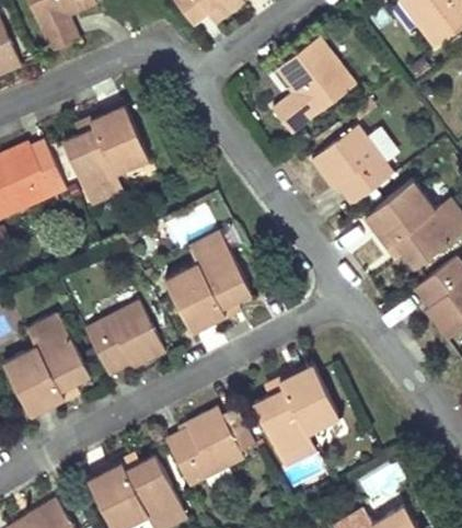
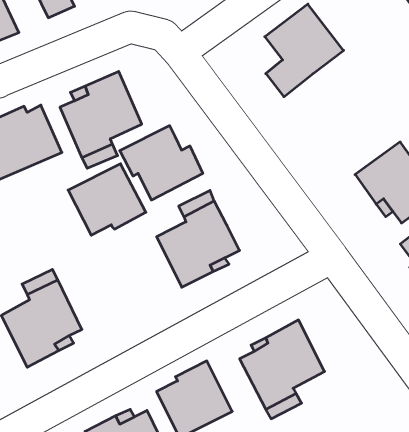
building: [313,124,396,203] -> none
building: none -> [120,126,203,200]
building: [81,303,162,378] -> [68,164,146,235]

